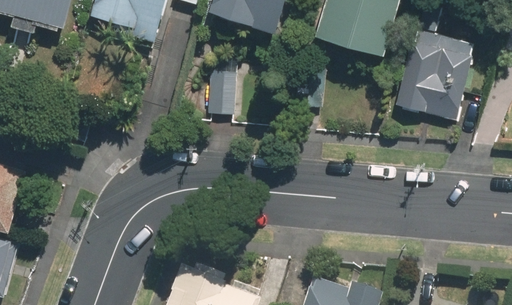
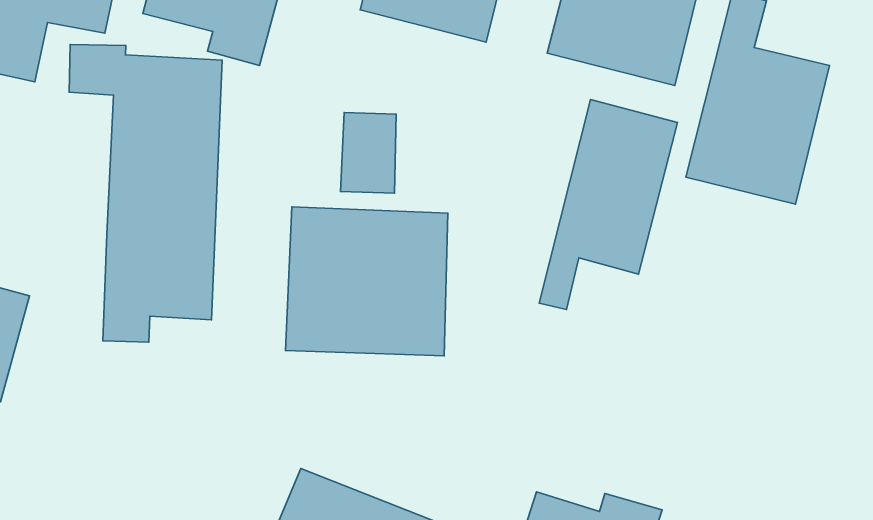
building: none -> [69,44,222,342]
building: none -> [539,100,678,310]
building: none -> [285,207,448,356]

